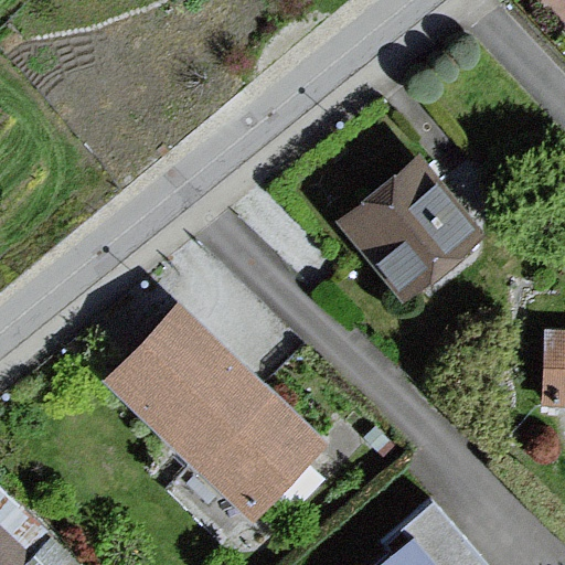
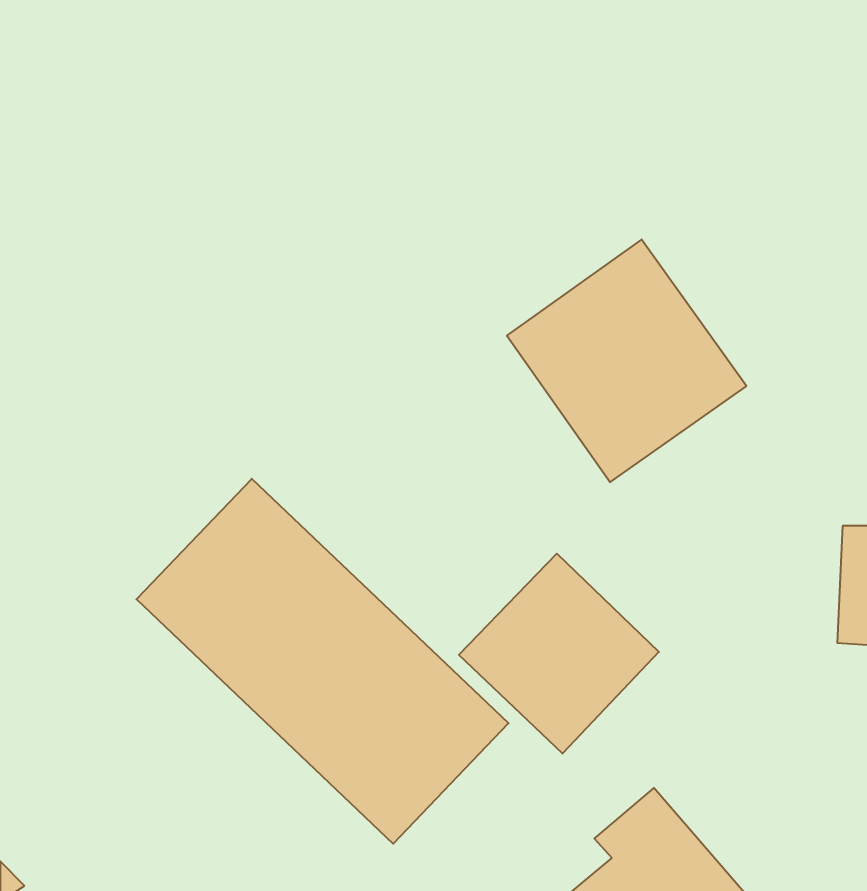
building: none -> [459,554,659,754]

